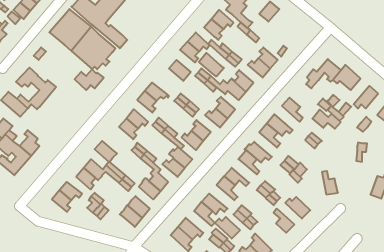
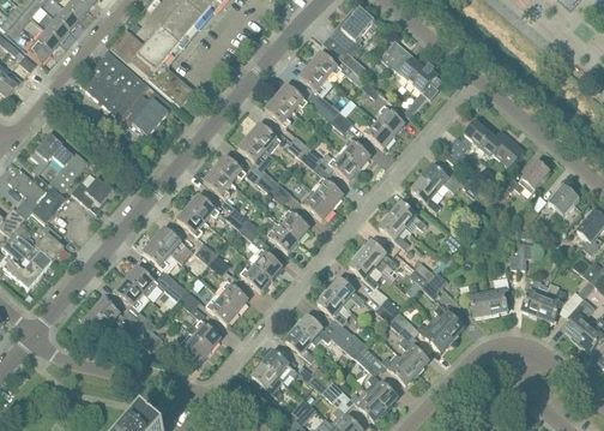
building: none -> [400,55,442,98]
building: [199,53,224,76] -> [238,134,274,168]
building: [75,69,104,90] -> [71,176,113,206]
building: none -> [31,186,66,222]
building: [312,110,341,129] -> [422,163,463,191]
building: none -> [153,226,192,262]
building: none -> [487,276,509,313]
building: none -> [521,276,548,316]
building: none -> [431,303,464,339]
building: [215,217,240,239] -> [381,352,417,383]

